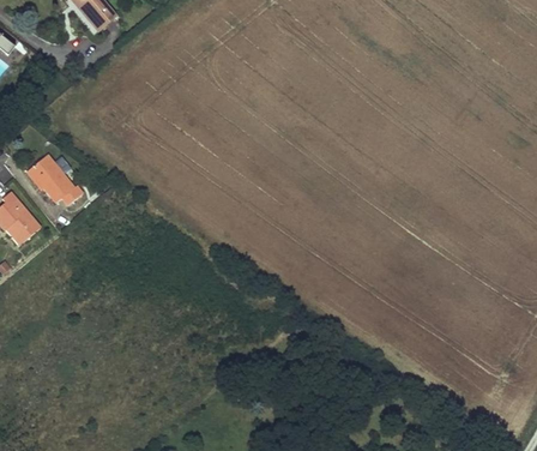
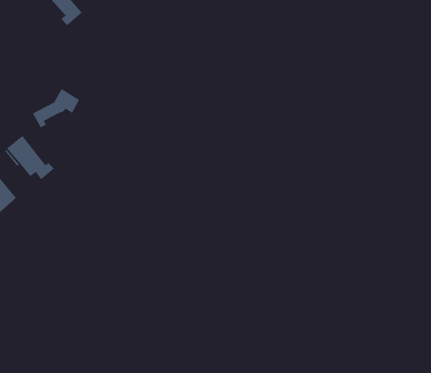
building: none -> [32,88,80,128]

